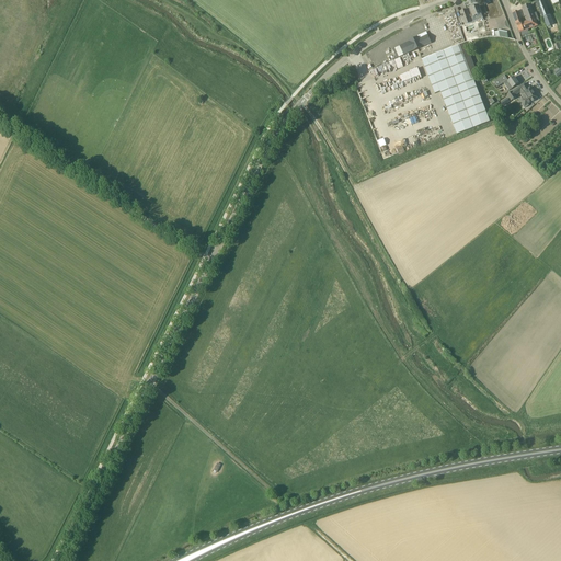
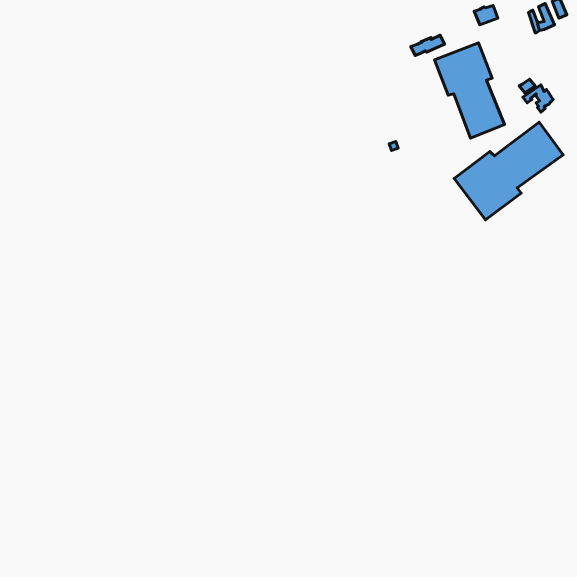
building: none -> [454,122,563,220]

